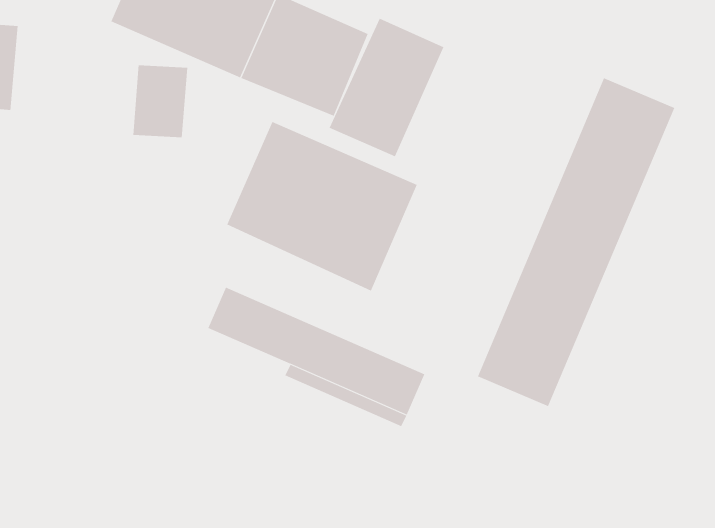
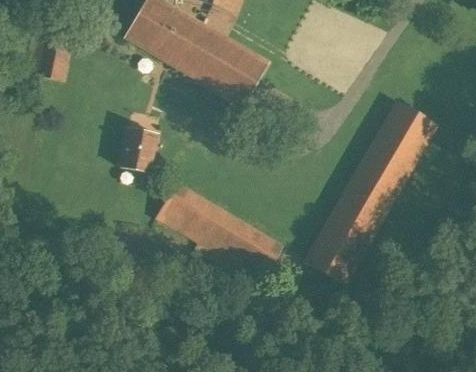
building: [329,18,444,157] -> none
building: [132,65,188,138] -> [120,126,156,170]
building: [227,121,417,292] -> none

